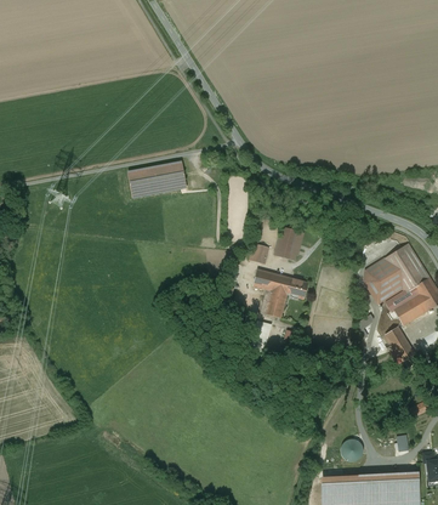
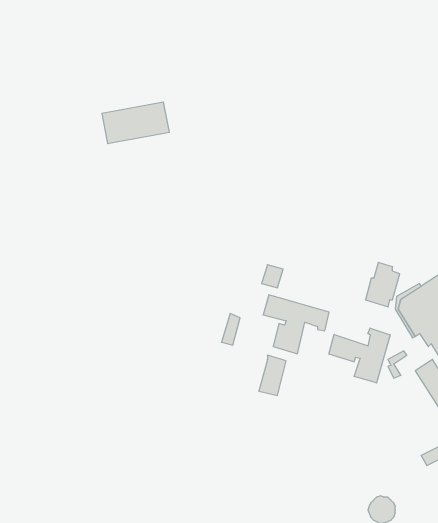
building: [129,163,186,198] -> [102,102,169,144]
building: [274,223,303,261] -> [365,262,400,307]
building: none -> [329,328,390,383]

